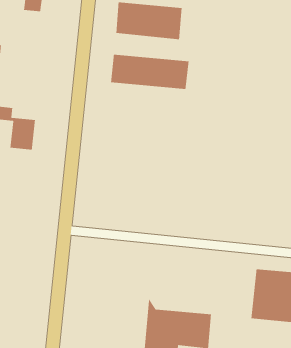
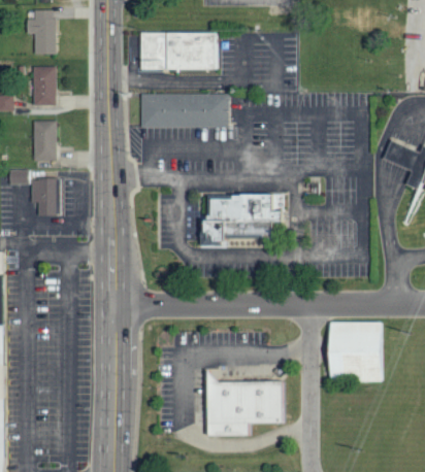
building: none -> [22,66,53,106]
building: none -> [29,121,54,161]
building: none -> [202,191,288,246]

